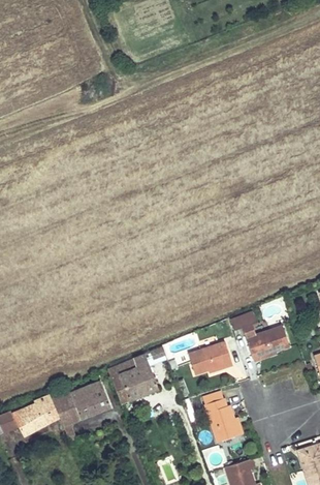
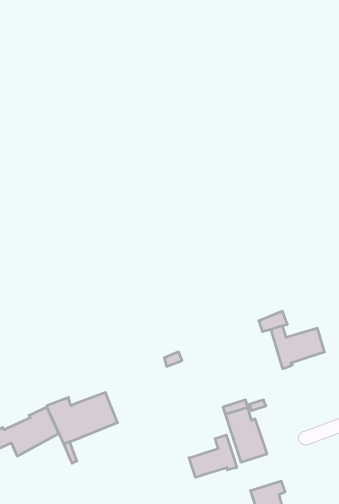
building: [188,341,232,374] -> none
building: [107,355,158,403] -> none
building: none -> [189,435,237,477]

